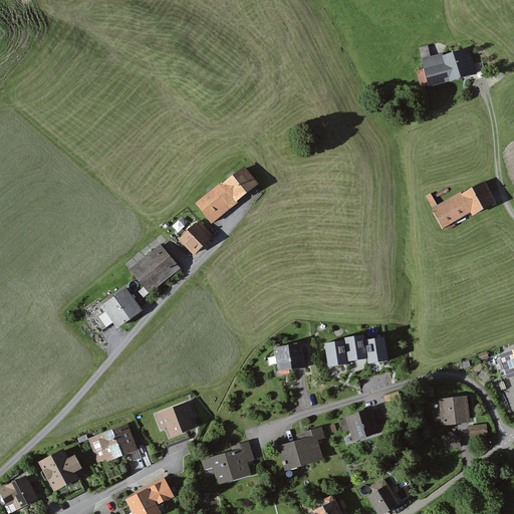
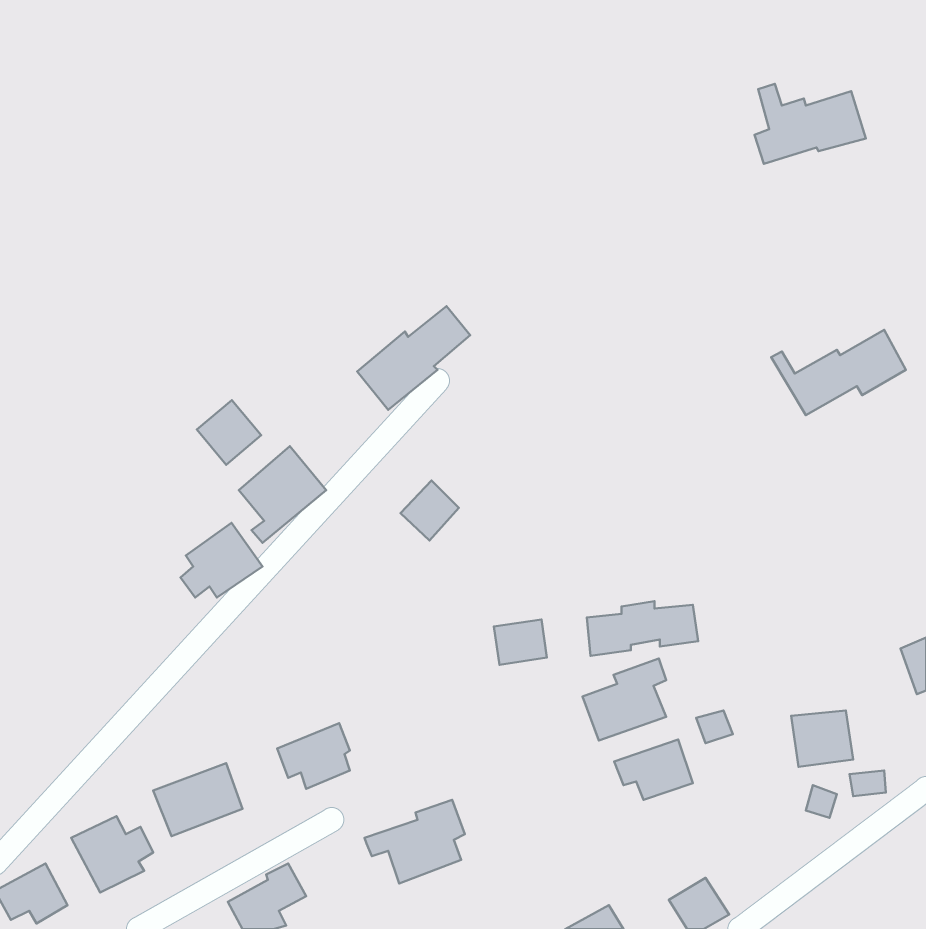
building: none -> [197,400,261,465]
building: [182,222,214,255] -> [400,480,459,541]
building: [279,427,325,472] -> [582,658,666,740]

